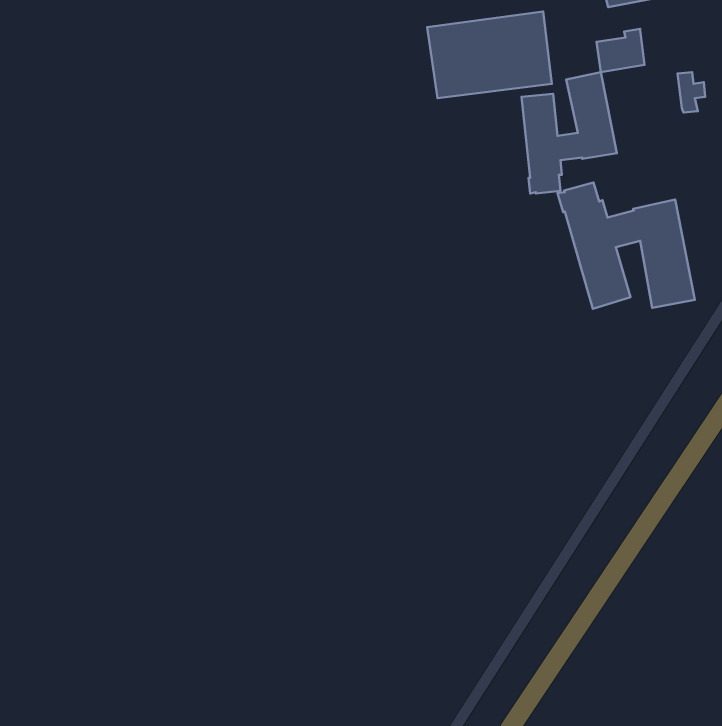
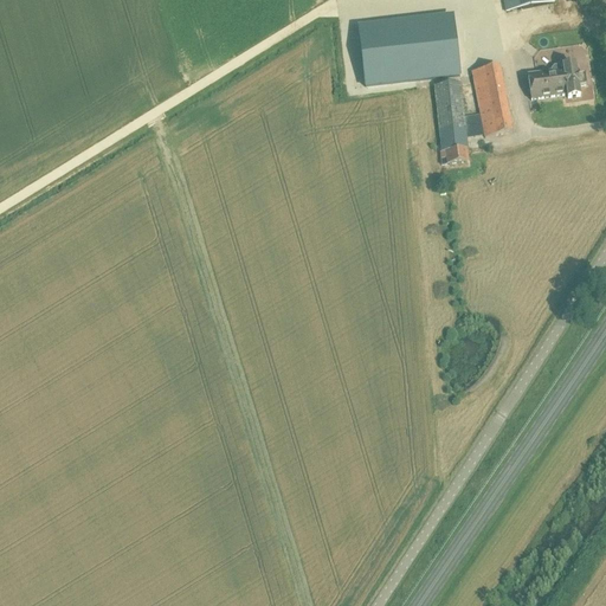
building: [597,29,644,72] -> [527,60,566,96]
building: [558,182,695,309] -> none

